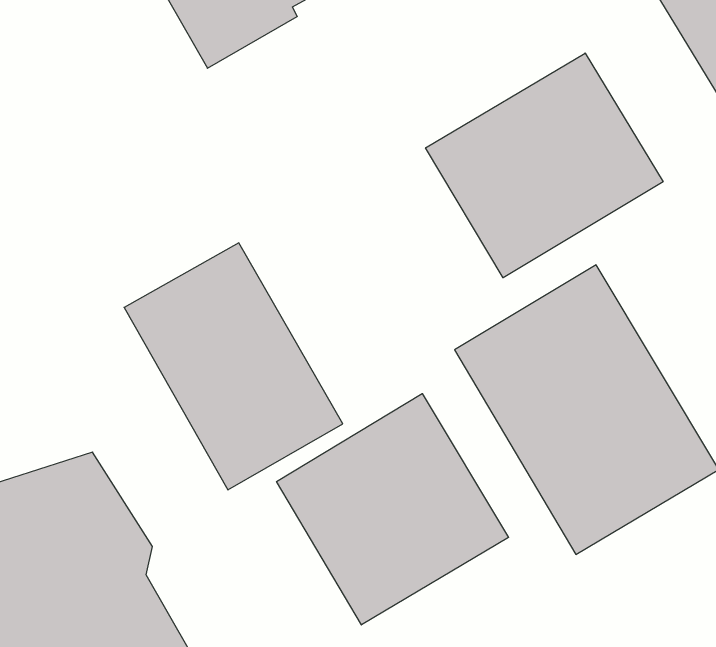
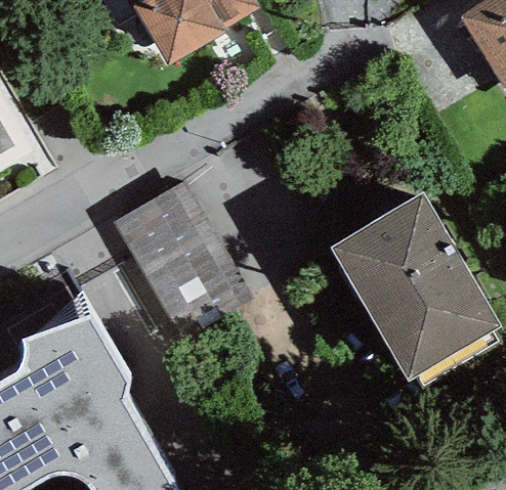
building: [426,53,663,278] -> none
building: [277,394,509,625] -> none

